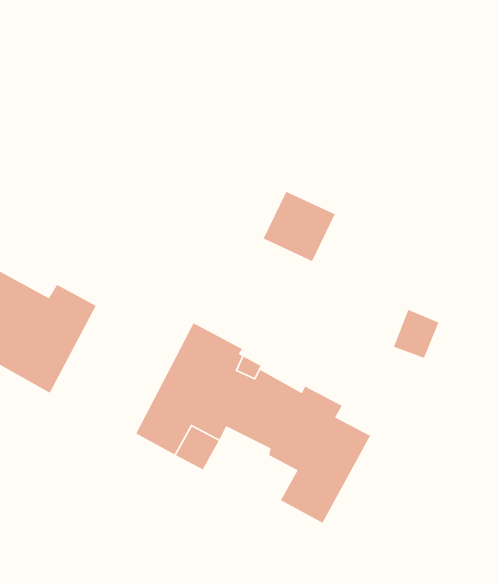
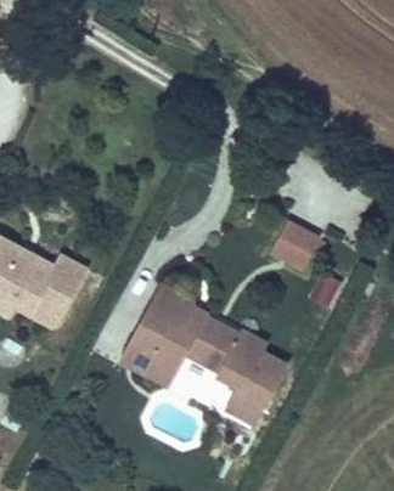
building: [262,191,336,262] -> [266,216,320,269]

